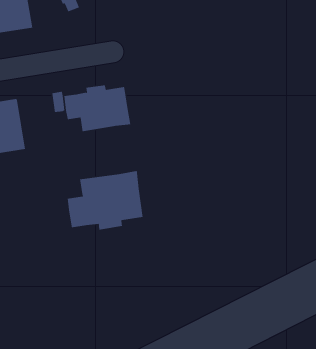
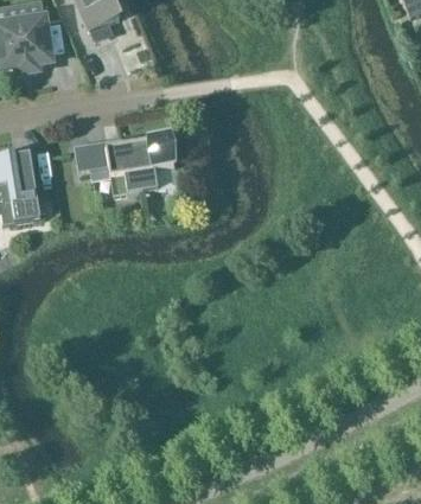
building: [67,170,143,230] -> none

